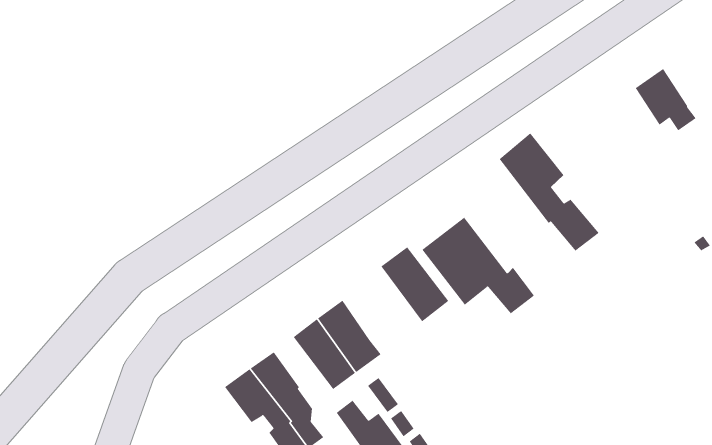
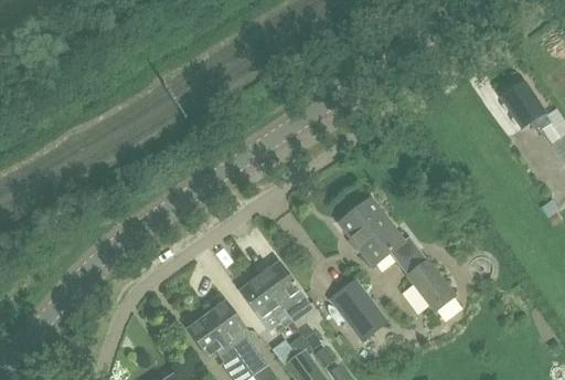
building: [499,133,599,252] -> none
building: [380,246,449,322] -> [331,282,384,340]
building: none -> [404,256,457,313]

